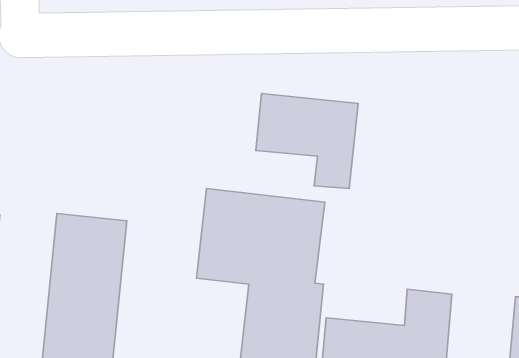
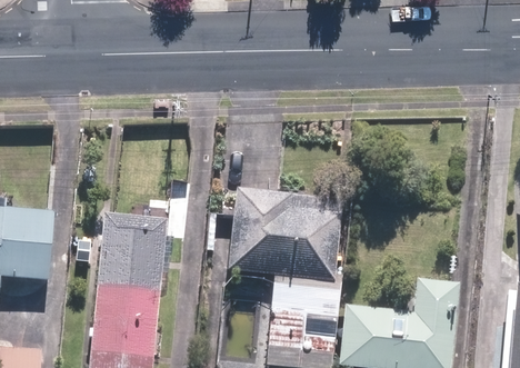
building: [256,93,358,188] -> none

